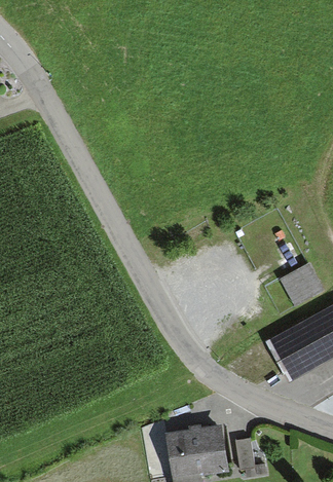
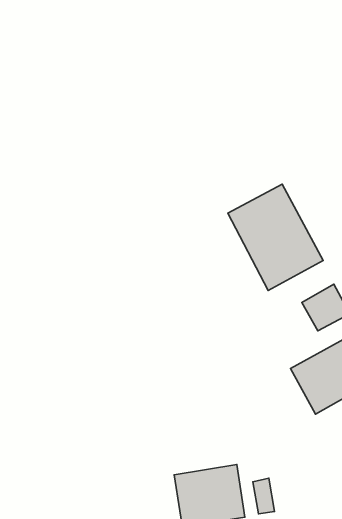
building: none -> [228,184,323,290]

